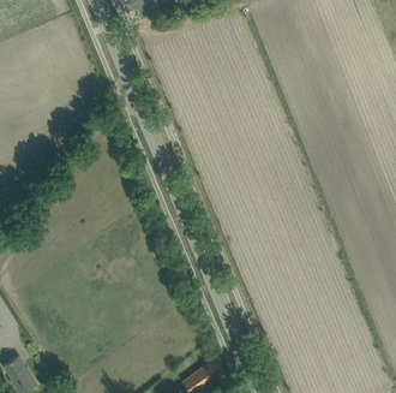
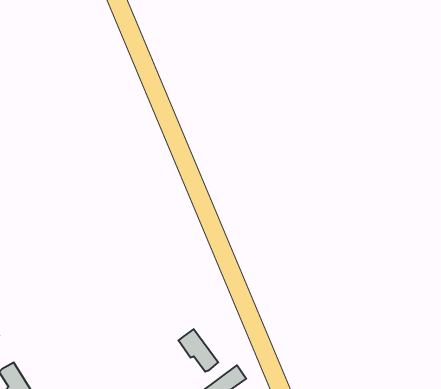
building: none -> [178,329,218,372]

